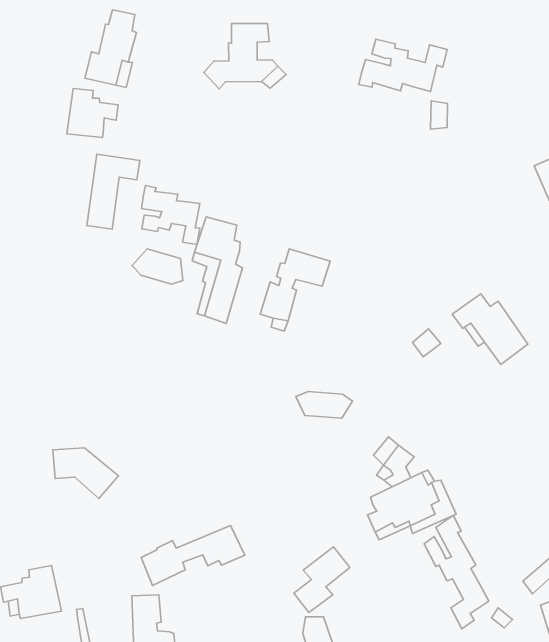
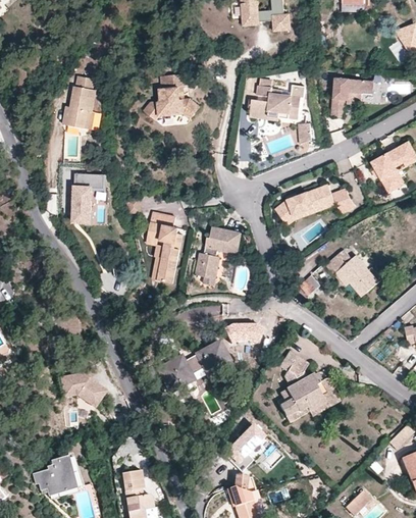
building: none -> [329,76,372,117]
building: [67,89,118,137] -> none
building: [141,185,200,244] -> none
building: none -> [273,184,354,220]
building: [132,249,183,284] -> none
building: [424,515,489,629] -> none
building: [141,525,245,585] -> [160,345,230,390]

